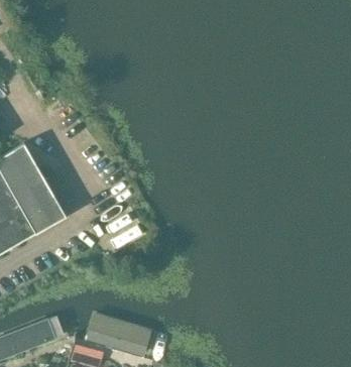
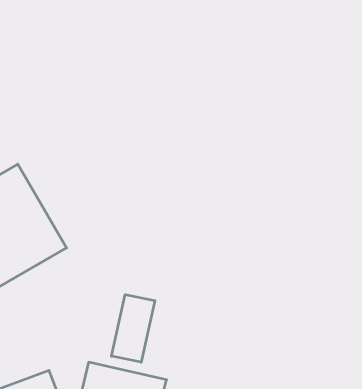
building: none -> [111,295,155,362]

